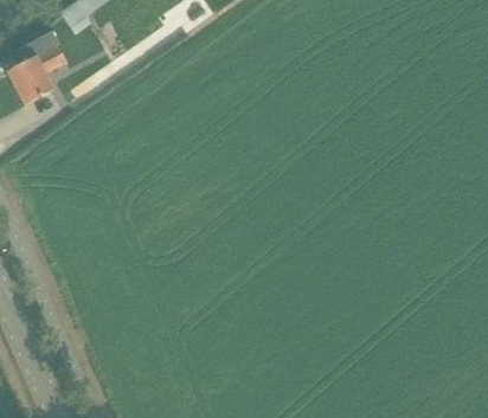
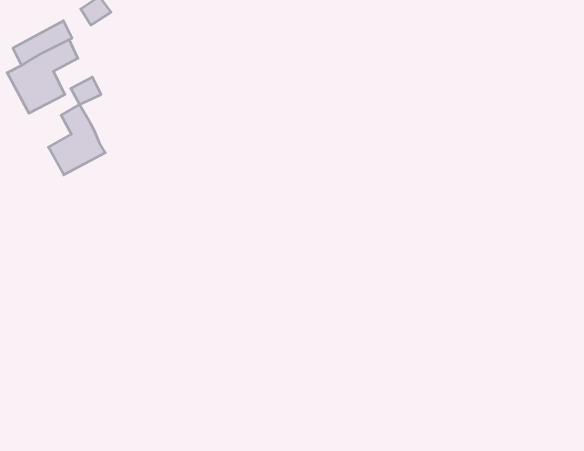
building: none -> [48,104,105,175]

